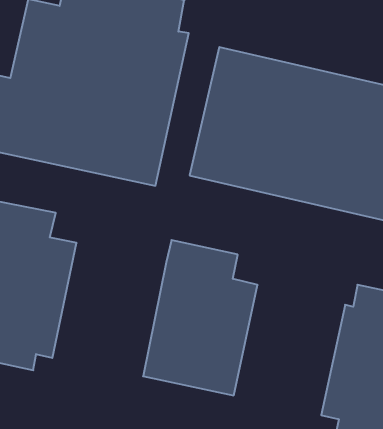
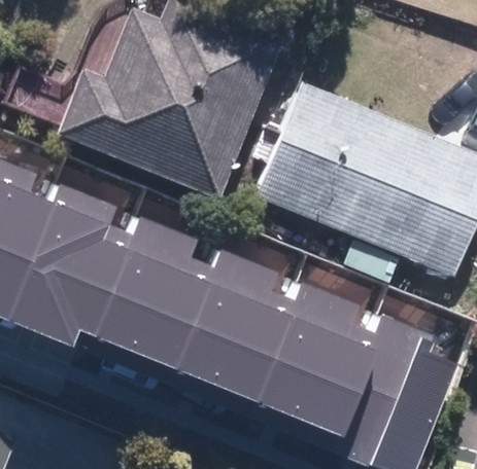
building: none -> [94,218,213,369]
building: none -> [254,283,371,433]

